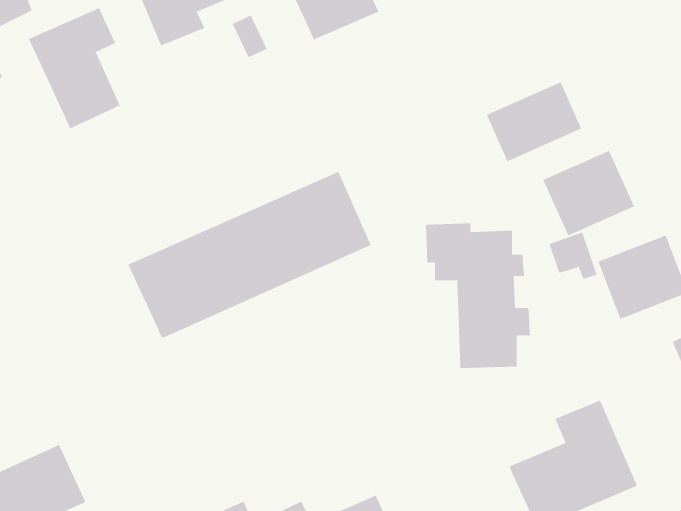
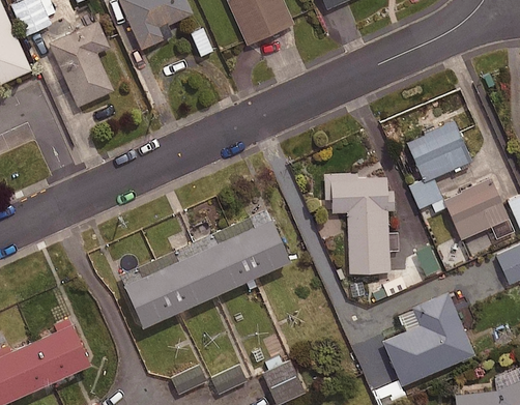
building: [486,81,582,162] -> none
building: [128,171,371,339] -> [119,211,289,328]

